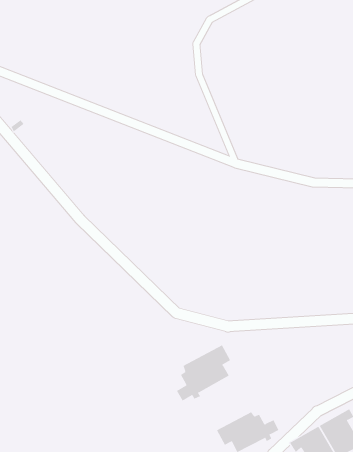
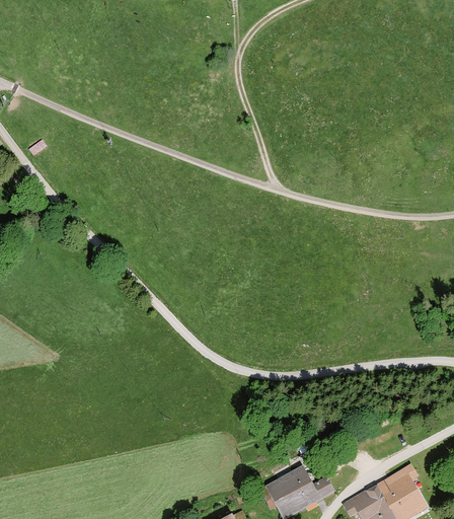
building: [176,345,231,401] -> none

